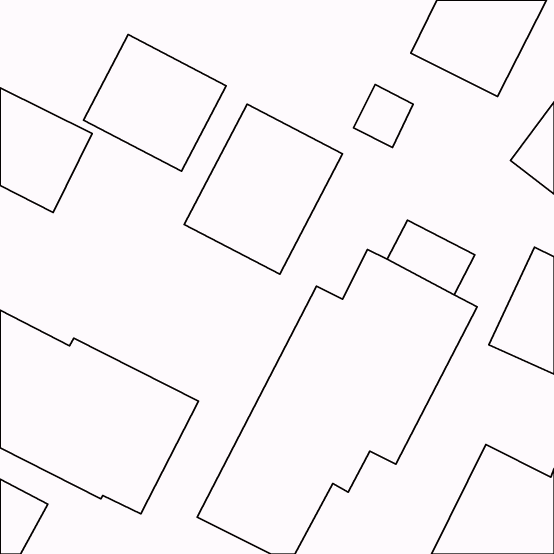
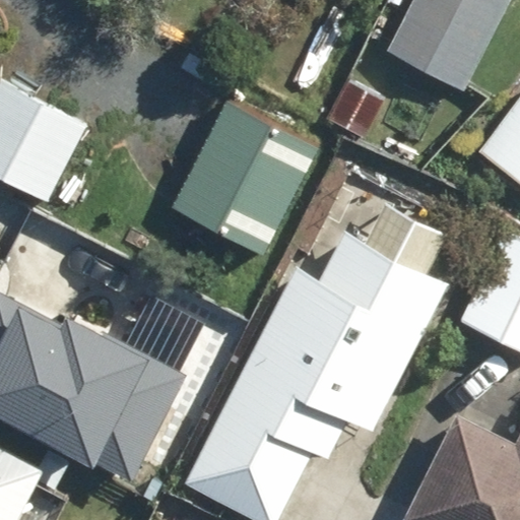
building: [83,35,226,171] -> none

